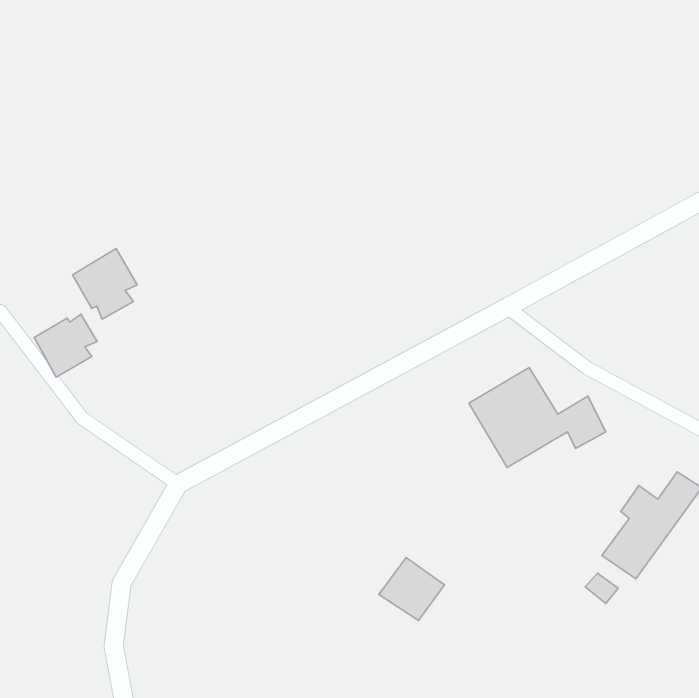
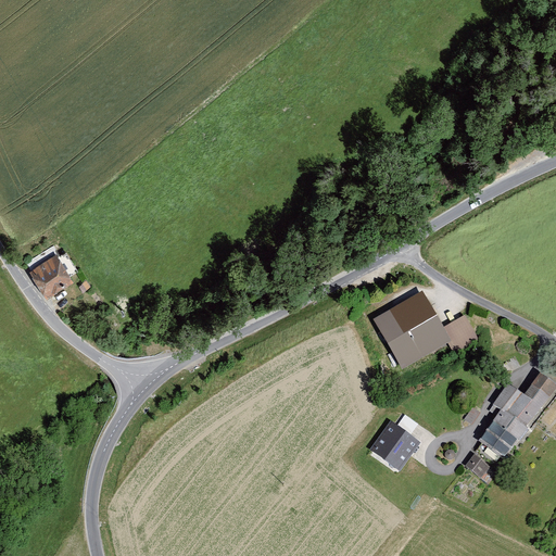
building: [73,249,137,319] -> none
building: [379,558,445,621] -> [369,420,421,470]

